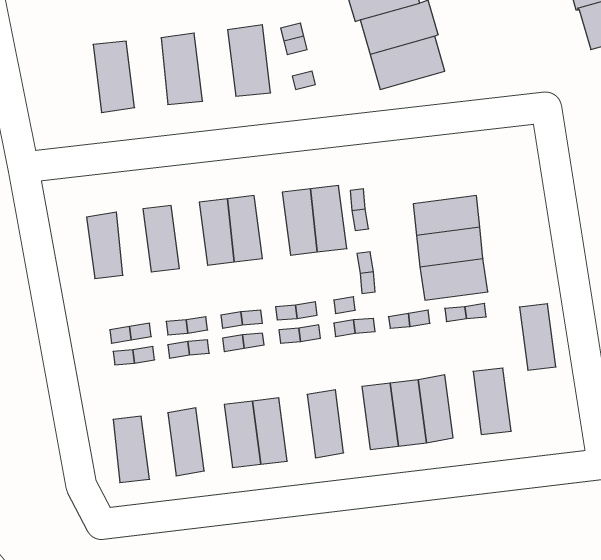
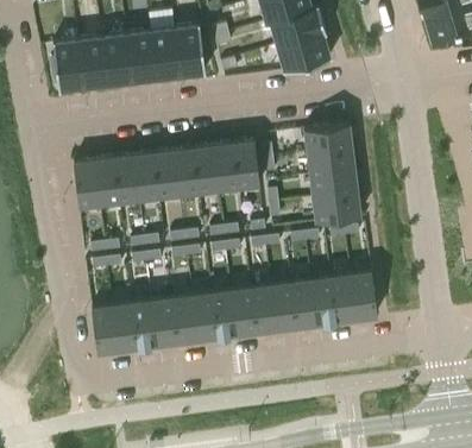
building: none -> [151,29,181,80]
building: none -> [102,34,132,84]
building: none -> [51,39,84,90]
building: none -> [304,124,353,153]
building: none -> [194,145,220,193]
building: none -> [134,152,161,200]
building: none -> [95,157,120,204]
building: [519,304,556,370] -> [331,273,357,321]
building: none -> [252,284,277,332]
building: none -> [212,290,238,337]
building: none -> [152,297,178,345]
building: none -> [113,303,138,351]

